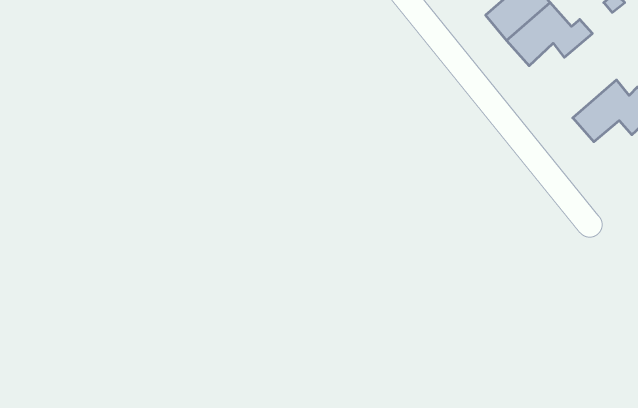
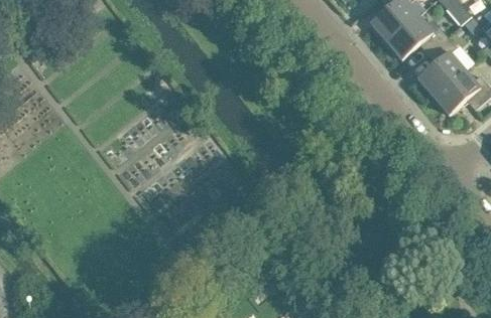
building: none -> [416,34,463,95]

